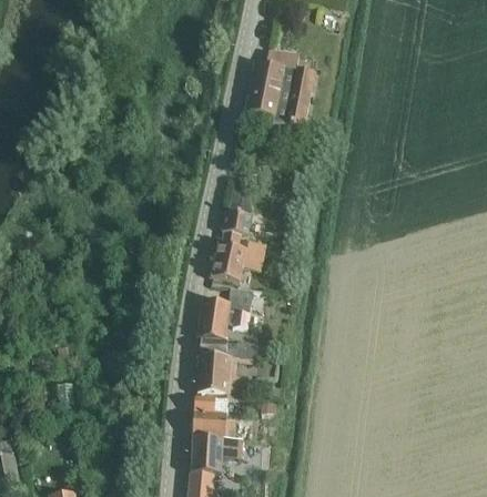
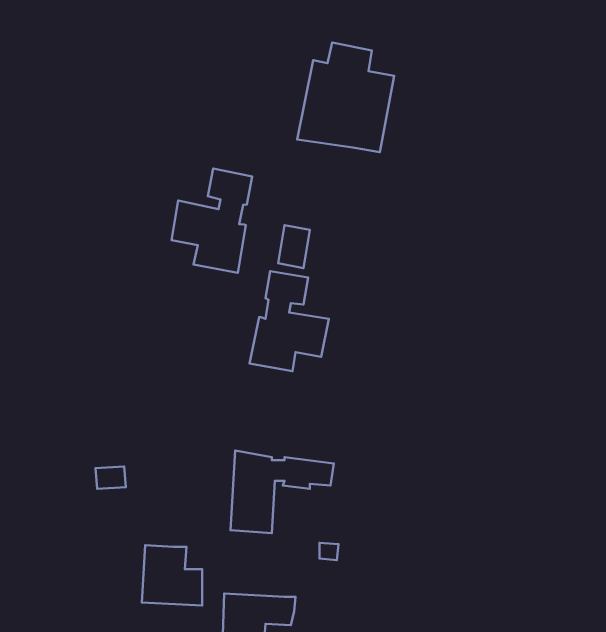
building: none -> [172,169,252,273]
building: [196,286,251,339] -> none
building: [192,395,234,437] -> [142,545,202,606]

